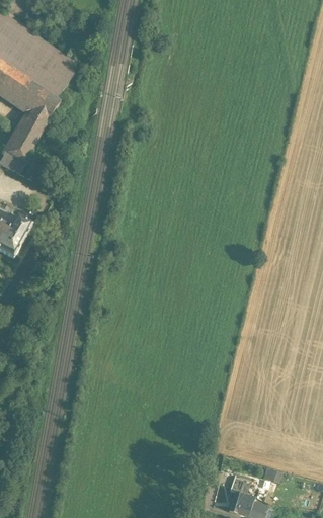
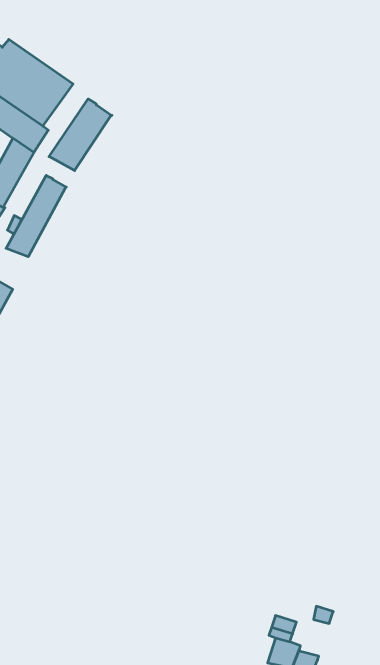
building: none -> [49,99,112,171]
building: none -> [6,175,66,257]

